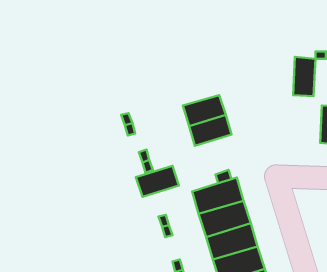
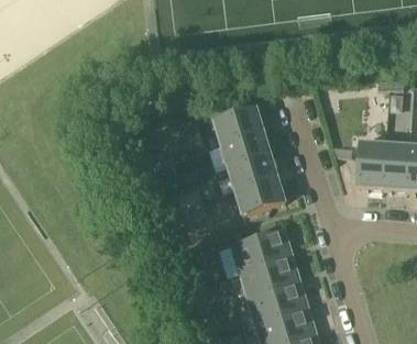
building: [293,57,315,96] -> [358,141,384,187]
building: none -> [213,107,263,143]
building: [136,166,179,197] -> [234,177,285,213]

